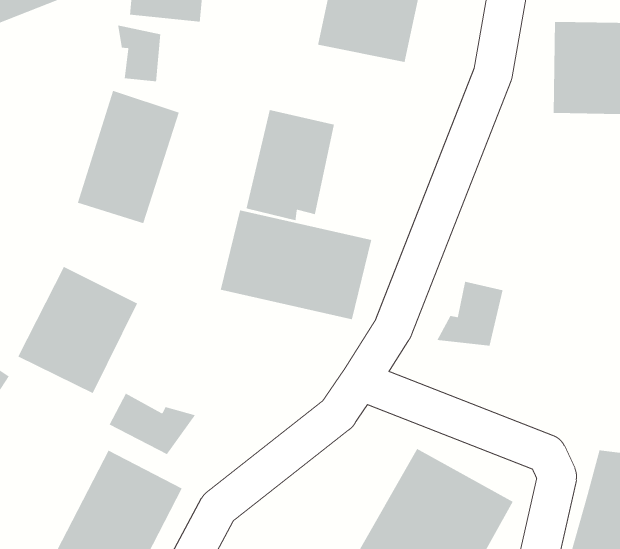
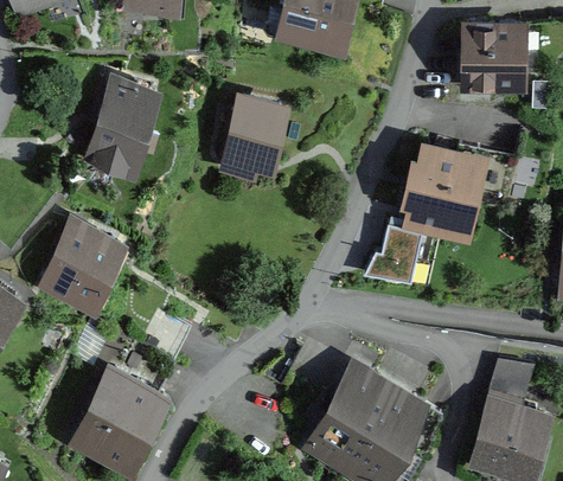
building: [117,25,161,82] -> none
building: none -> [404,143,487,239]
building: [220,209,372,320] -> none
building: [109,393,196,455] -> none

